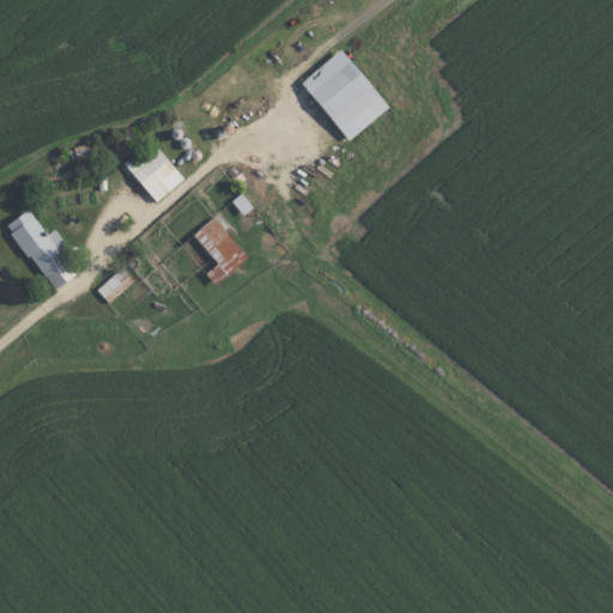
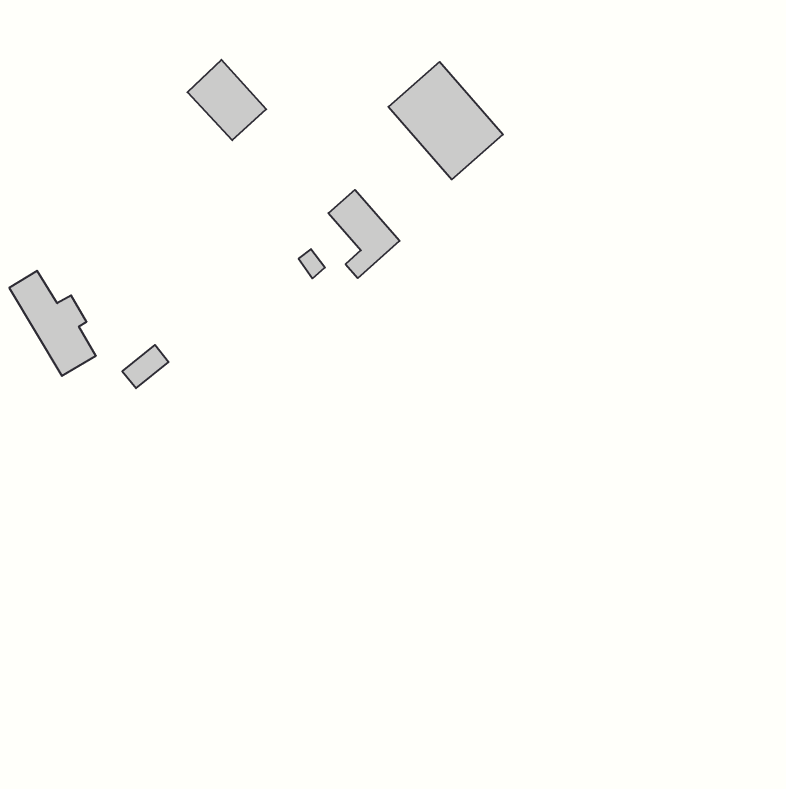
building: [122,140,183,202] -> [187,60,266,140]
building: [192,218,247,286] -> [328,190,400,278]

